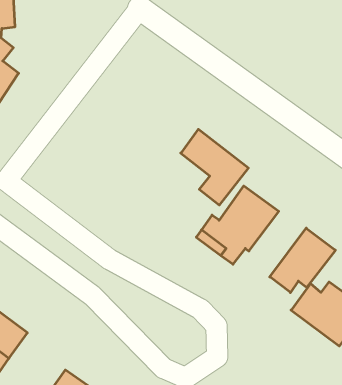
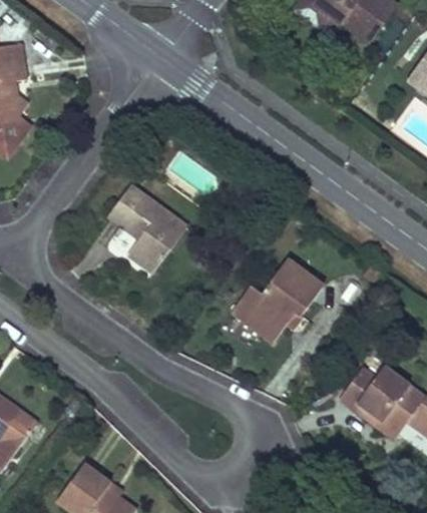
building: [181,129,248,205] -> [106,185,183,272]
building: [270,228,335,293] -> none

